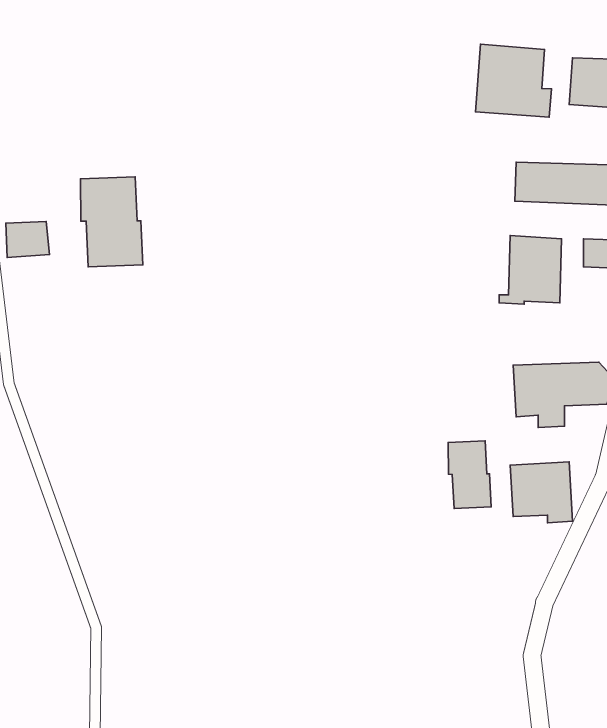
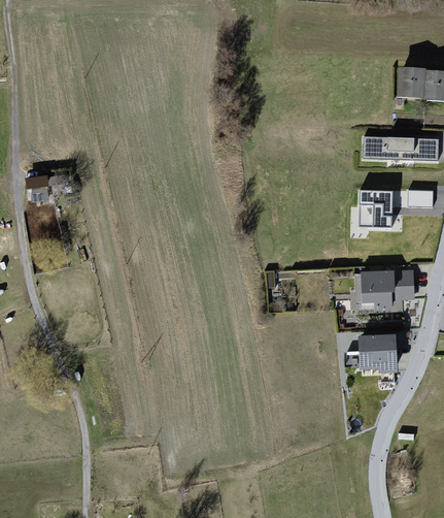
building: [475,44,552,117] -> none
building: [81,177,143,267] -> none
building: [448,441,491,509] -> none

